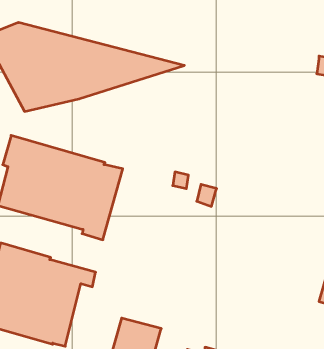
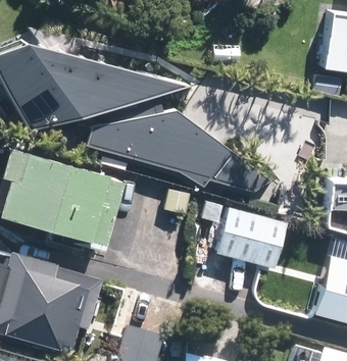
building: none -> [86,113,272,195]
building: none -> [211,204,281,265]

